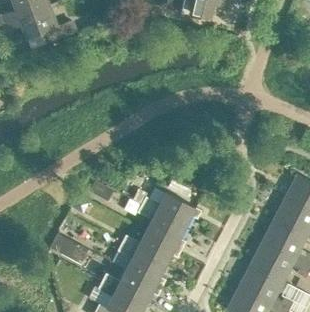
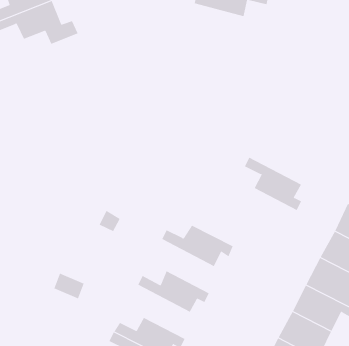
building: [137,205,185,250] -> [244,157,302,211]
building: [117,243,166,288] -> none

